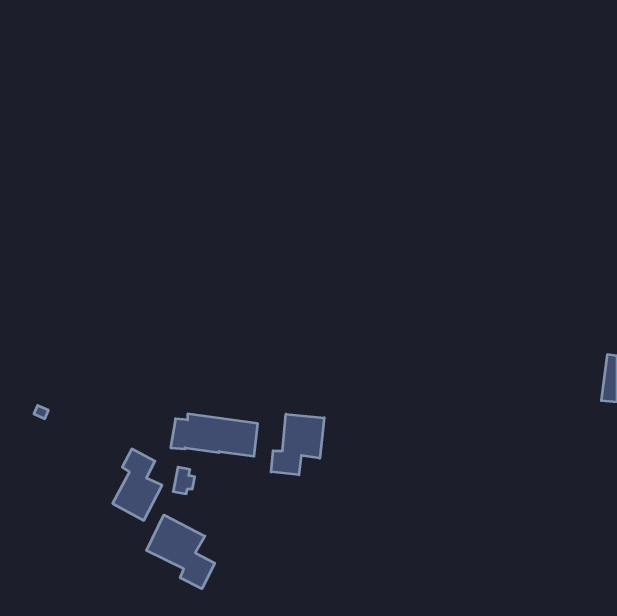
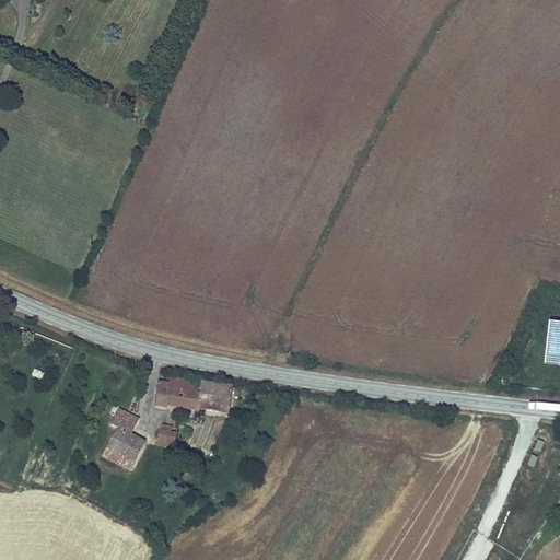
building: [271,414,324,475] -> none
building: [146,515,215,589] -> none

